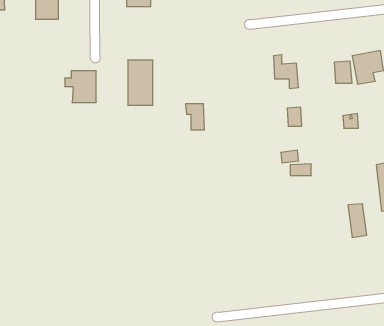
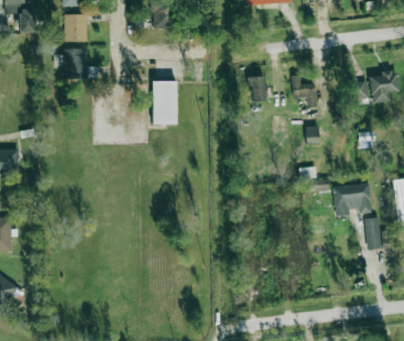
building: [65,71,96,102] -> [56,48,86,78]
building: [186,104,204,130] -> [247,76,265,101]
building: none -> [334,185,372,216]

